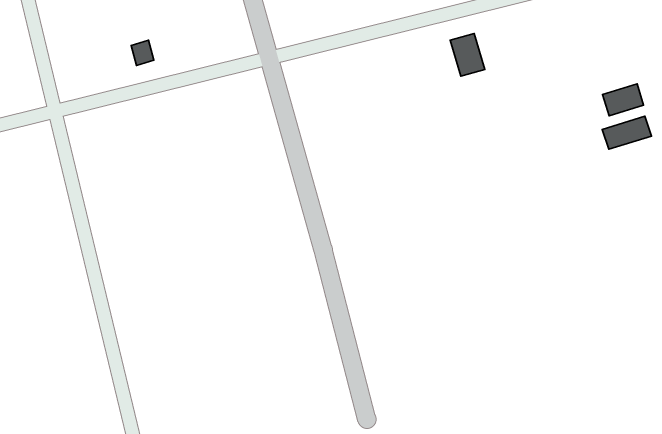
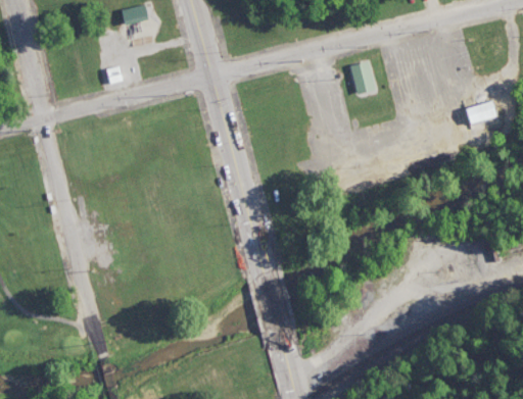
building: [602,116,652,149] -> none

